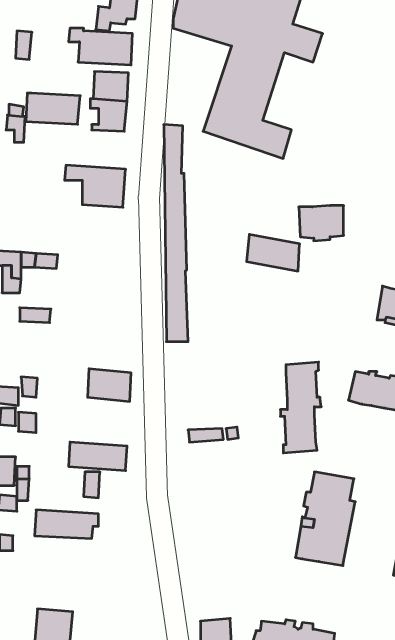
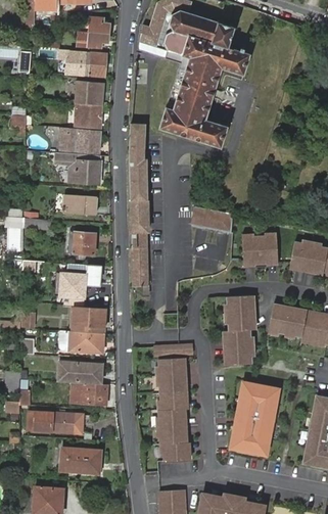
building: [26,93,80,124] -> [60,128,101,151]
building: [299,206,344,241] -> [244,236,278,263]
building: none -> [62,194,96,214]
building: none -> [68,231,96,254]
building: none -> [60,272,91,297]
building: none -> [71,330,104,352]
building: none -> [154,362,187,464]
building: none -> [82,383,108,405]
building: none -> [61,449,101,472]

